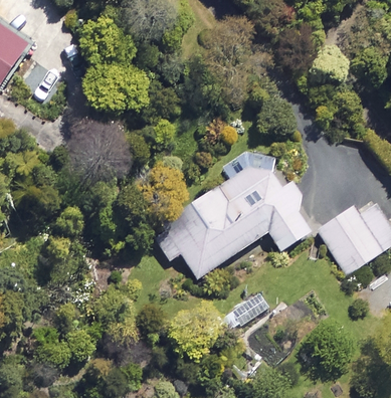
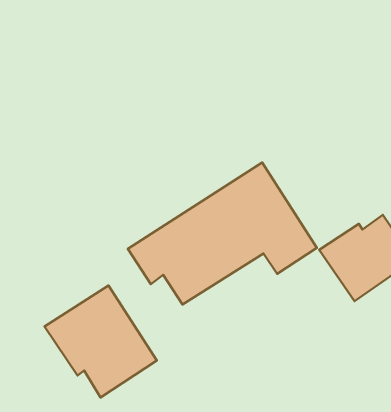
building: none -> [45,285,157,397]

